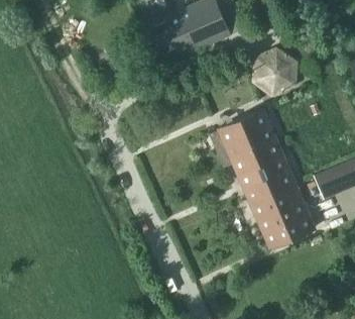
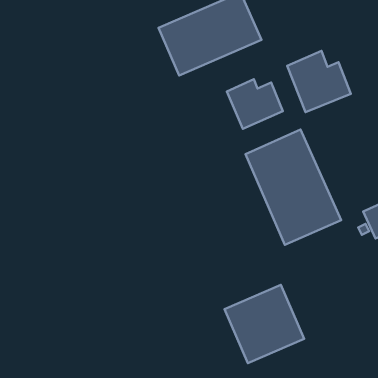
building: none -> [227,79,283,129]
building: [249,184,315,248] -> [224,285,304,363]

